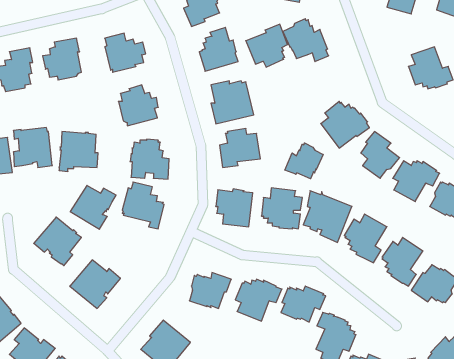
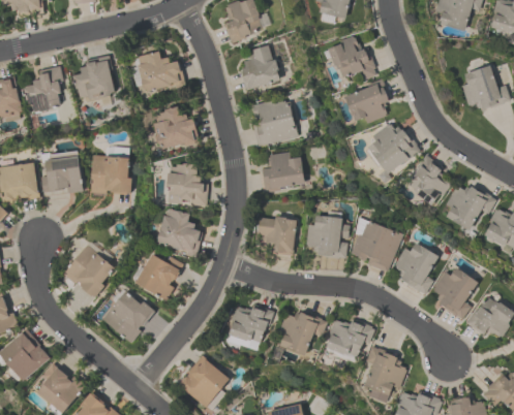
building: [246,24,288,67] -> [345,77,390,123]
building: [285,143,323,179] -> none
building: [70,185,116,229] -> [134,254,183,300]

